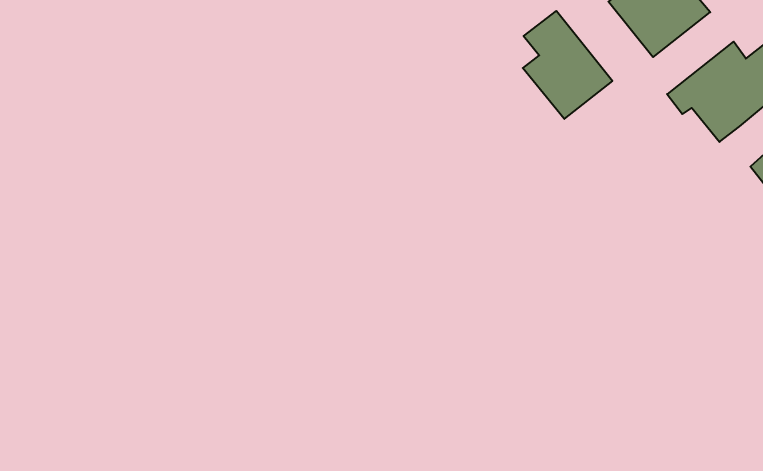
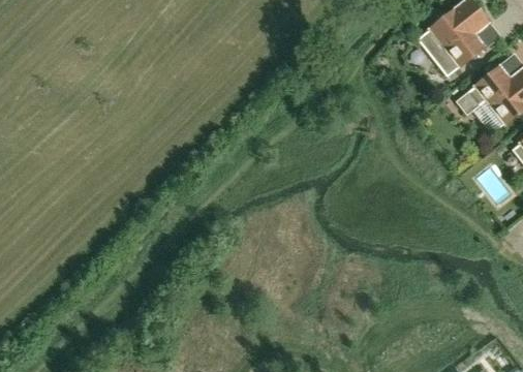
building: [523,11,612,119] -> none

